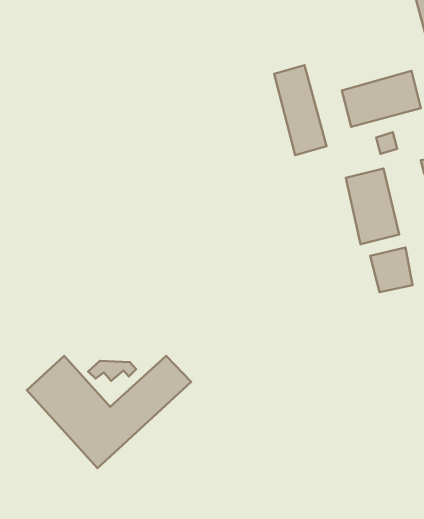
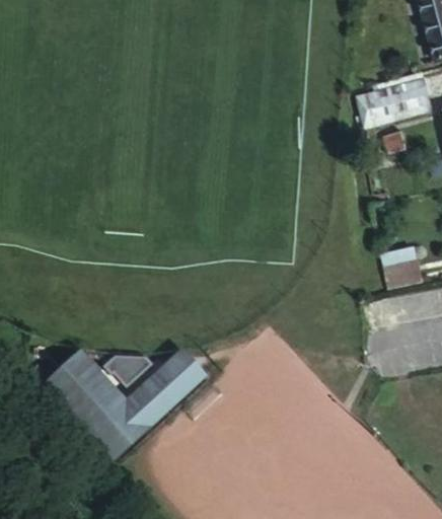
building: [274,65,326,155] -> none
building: [346,169,399,244] -> none

